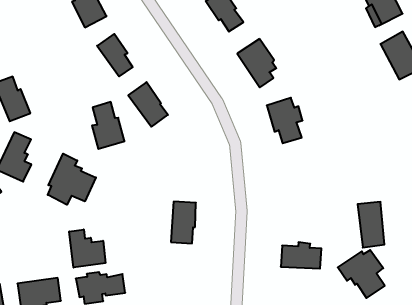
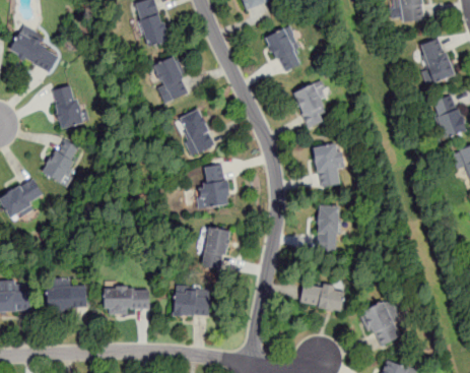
building: [92,102,125,149] -> [201,163,230,206]
building: [48,154,96,205] -> none
building: [358,202,384,248] -> [317,204,340,247]
building: [69,229,105,268] -> none
building: none -> [173,289,210,316]

